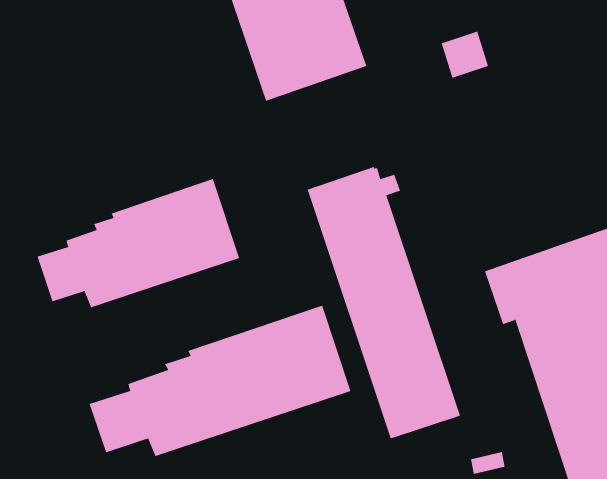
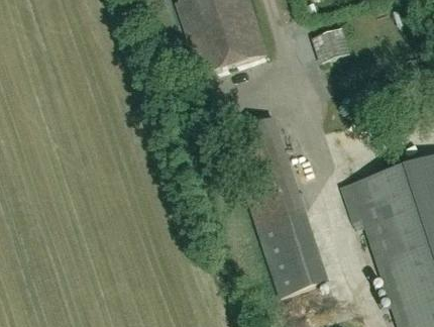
building: [37,178,240,308] -> none
building: [89,305,351,457] -> none

